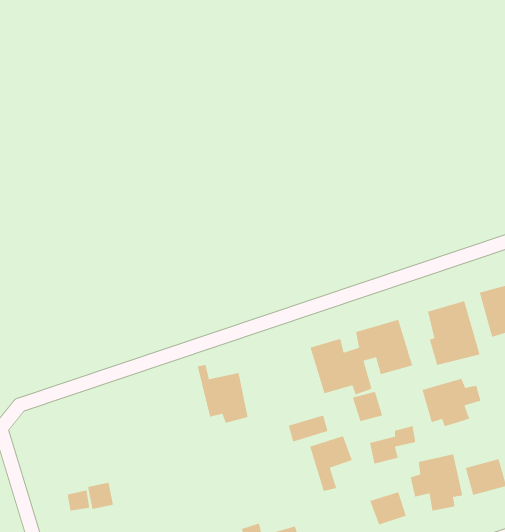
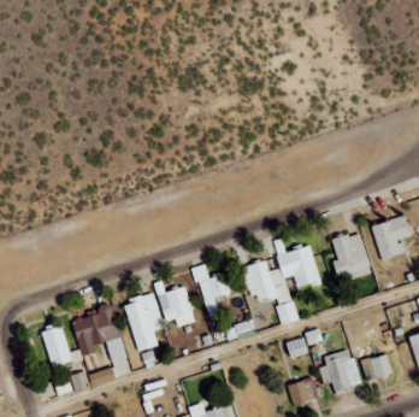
building: [421,378,481,427] -> none
building: none -> [123,293,164,352]
building: none -> [72,303,129,384]
building: none -> [42,325,70,366]
building: [309,435,353,492] -> [197,274,231,317]

